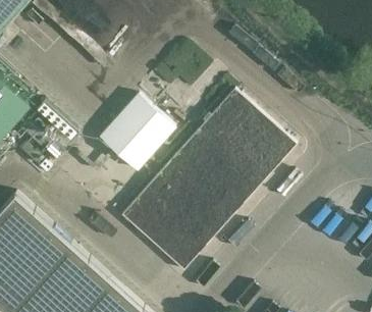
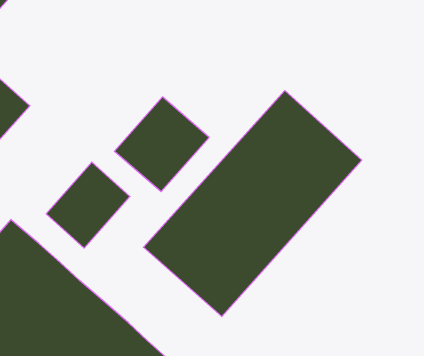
building: none -> [46,162,130,248]

